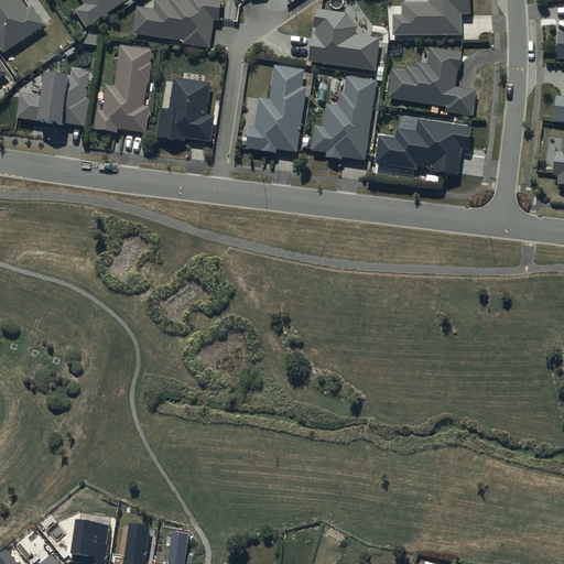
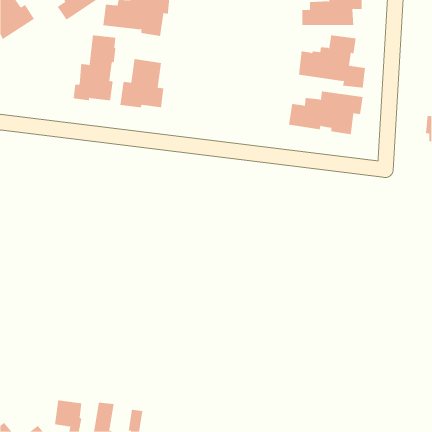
building: [308,8,379,70] -> none
building: [245,64,307,153] -> none
building: [17,67,89,124] -> none
building: [312,75,375,159] -> none

